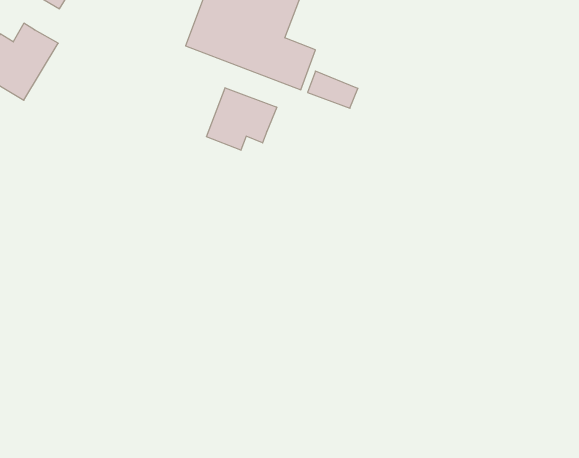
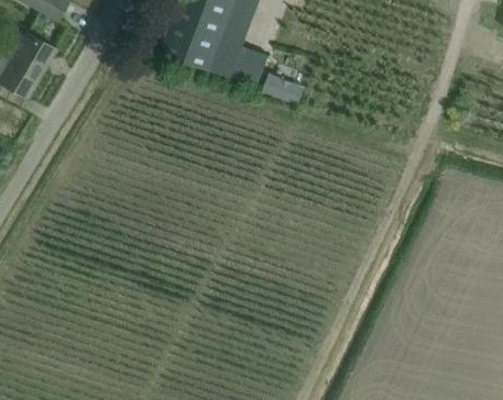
building: [207,88,277,150] -> none

